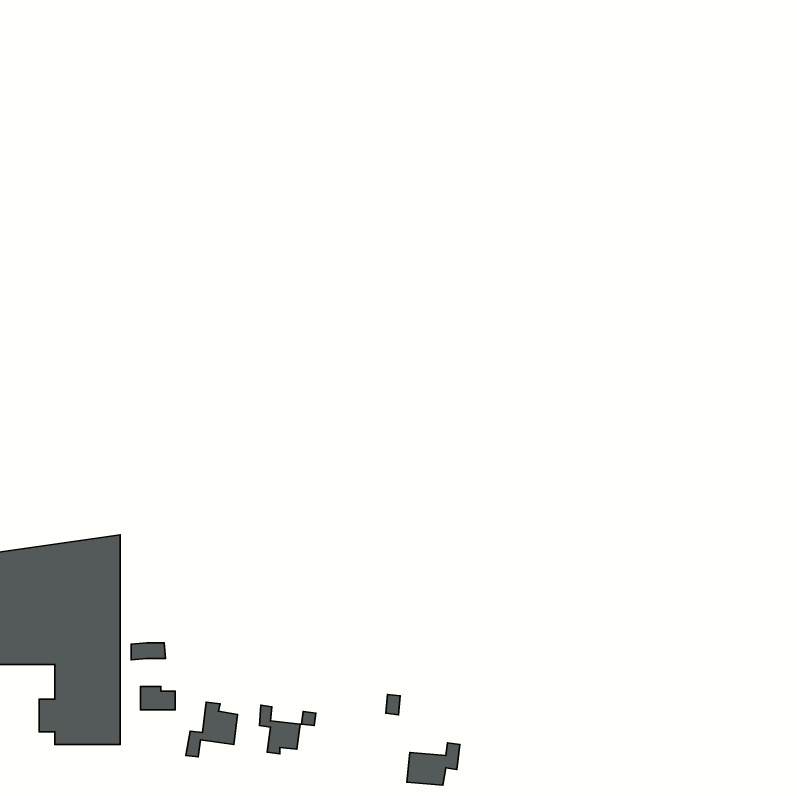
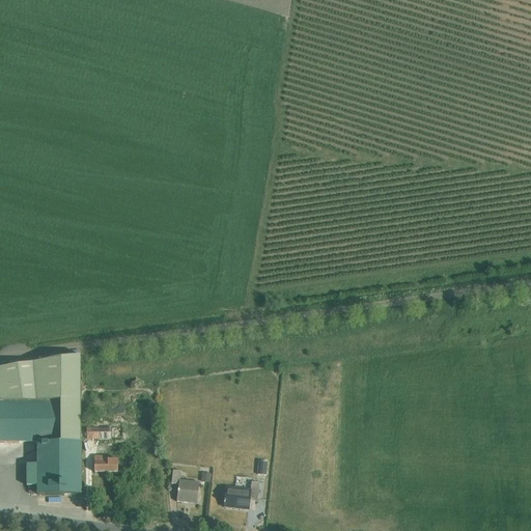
building: [186,702,238,757] -> none
building: [407,743,460,785] -> [223,480,258,508]

